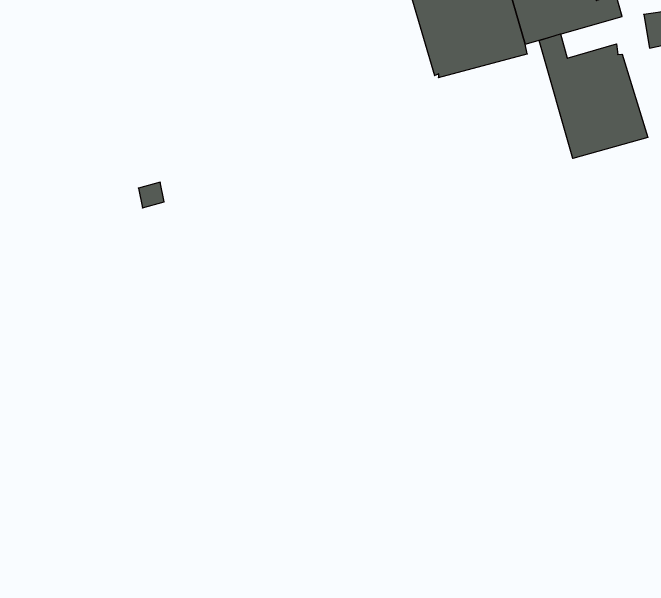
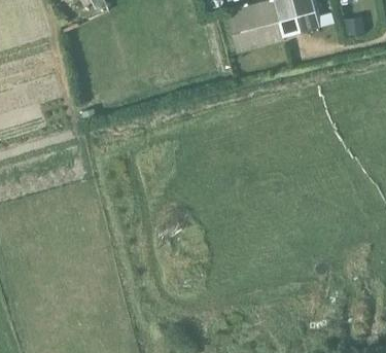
building: [539,34,648,158] -> none

